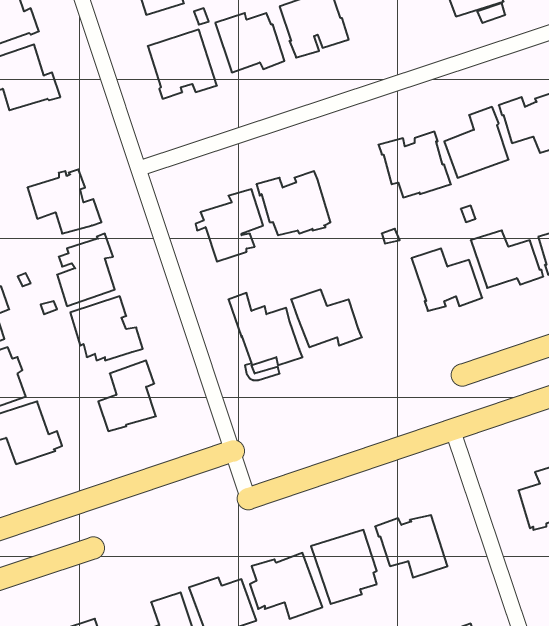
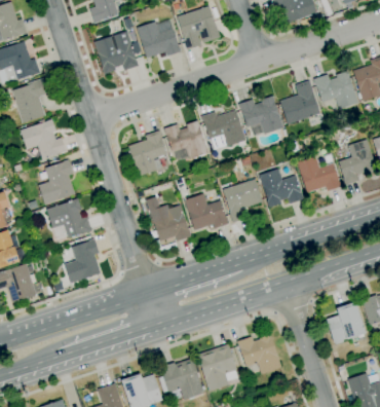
building: none -> [12,78,50,123]
building: none -> [201,110,245,147]
building: none -> [223,179,263,223]

